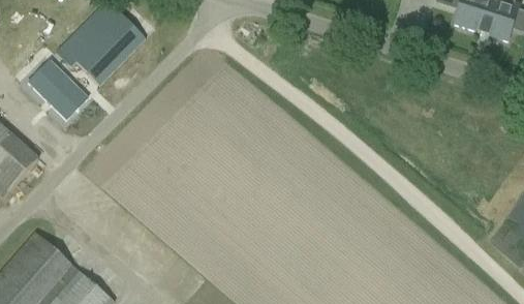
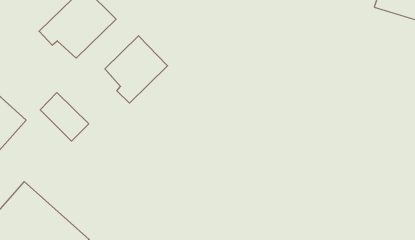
building: none -> [105,36,168,103]
building: [29,60,87,118] -> [40,93,89,141]

